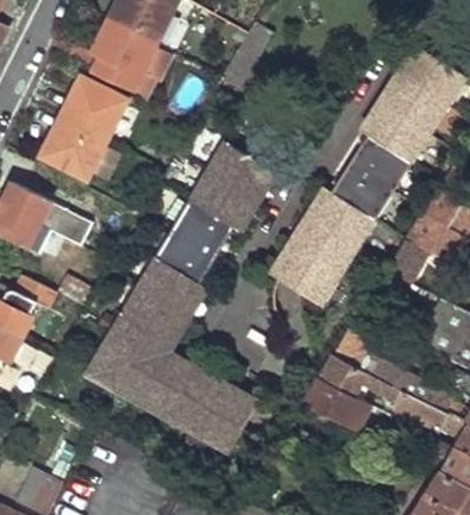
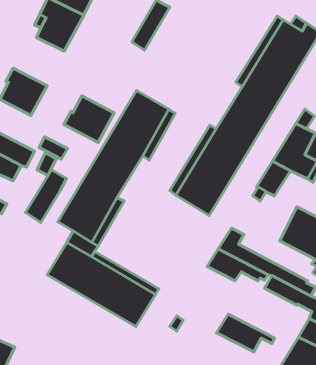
building: [61,75,127,137] -> [64,96,114,142]
building: [86,318,140,388] -> [25,170,67,222]
building: [303,377,381,427] -> [216,314,275,352]

